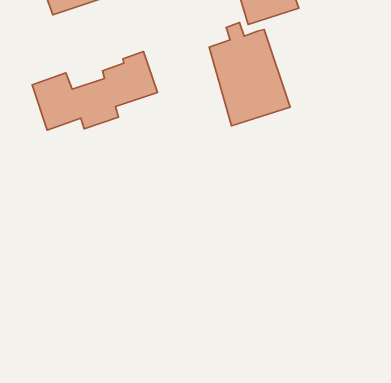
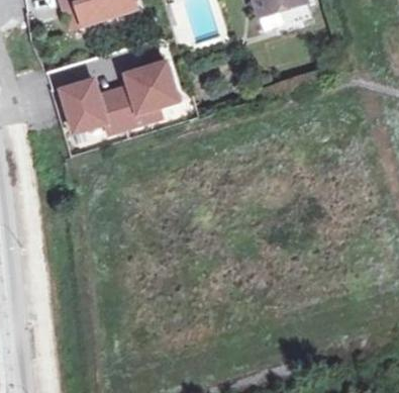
building: [209,22,290,126] -> none

